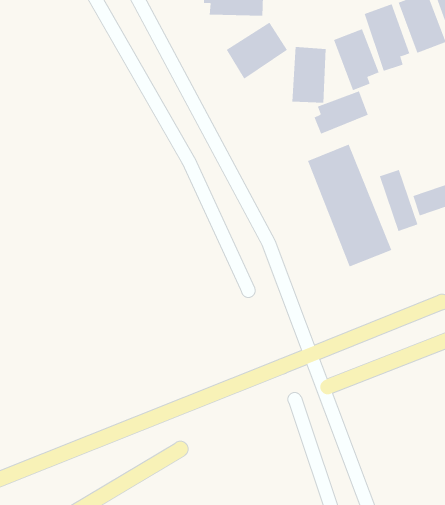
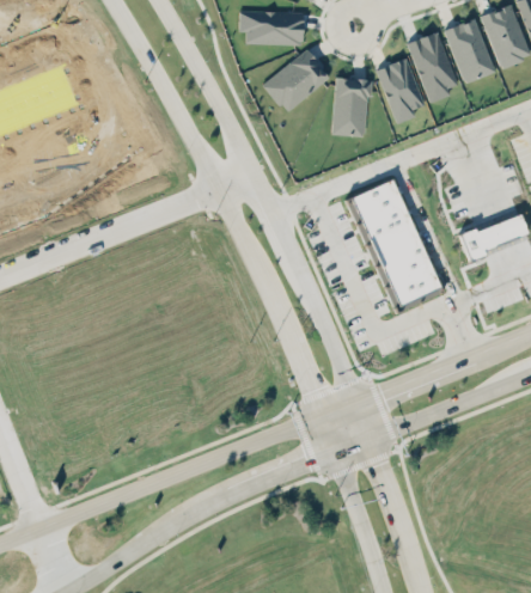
building: [314,91,369,134] -> none
building: [379,169,418,232] -> none

